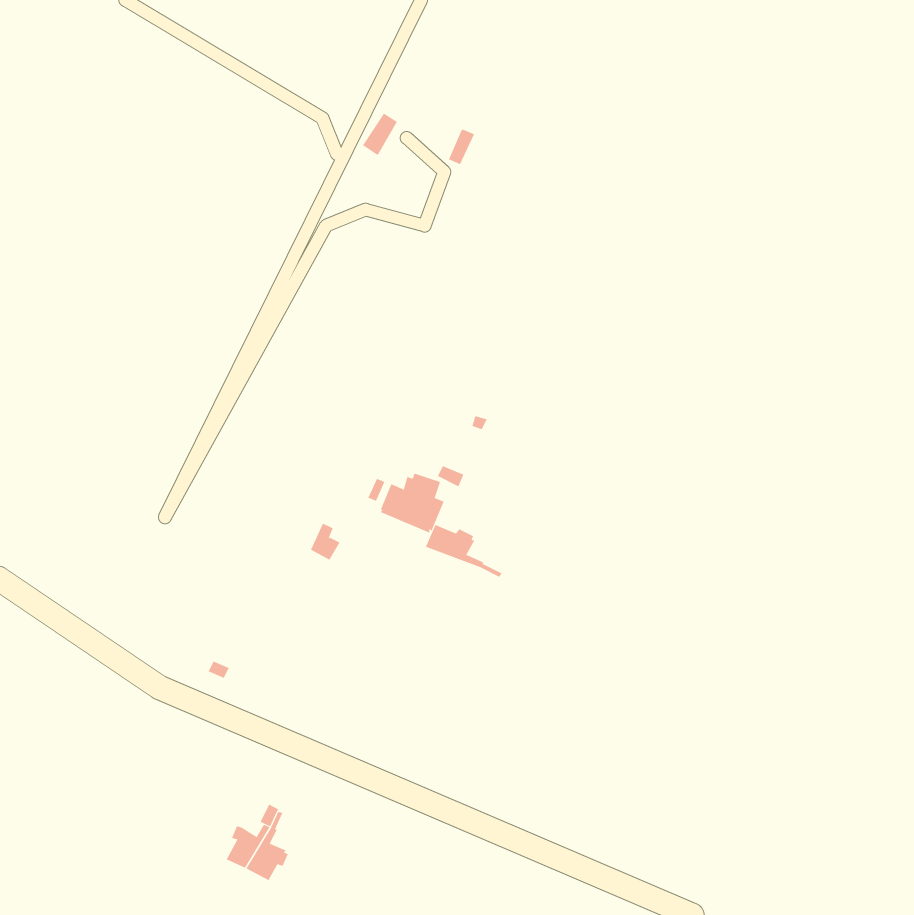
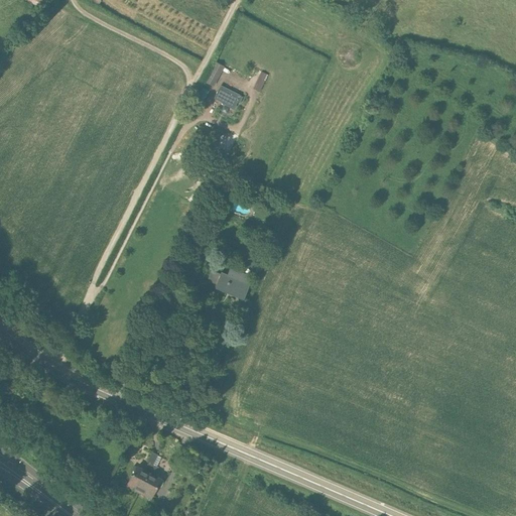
building: none -> [213,86,242,111]
building: [425,524,502,578] -> none

